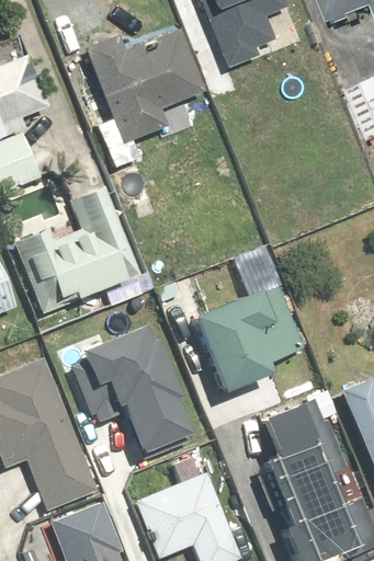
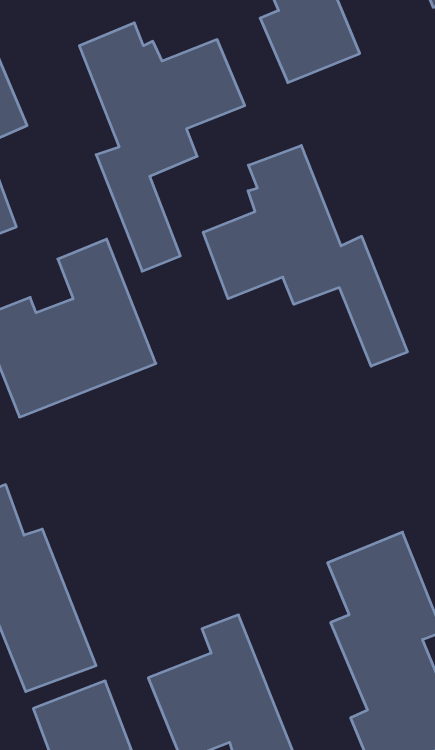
building: none -> [203,145,407,366]
building: [194,283,302,392] -> none
building: [71,321,203,455] -> none

